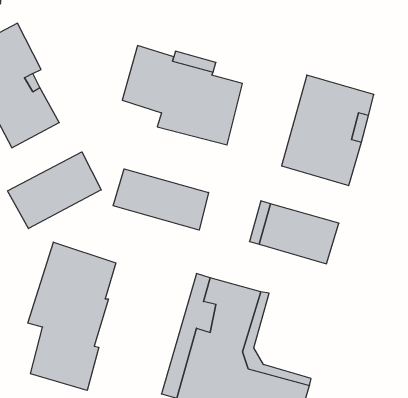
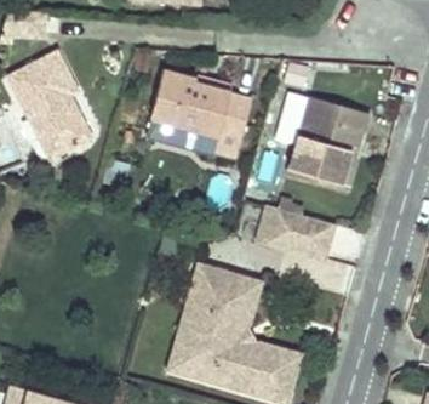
building: [8,152,101,229] -> none
building: [113,169,209,230] -> none
building: [28,242,116,390] -> none

